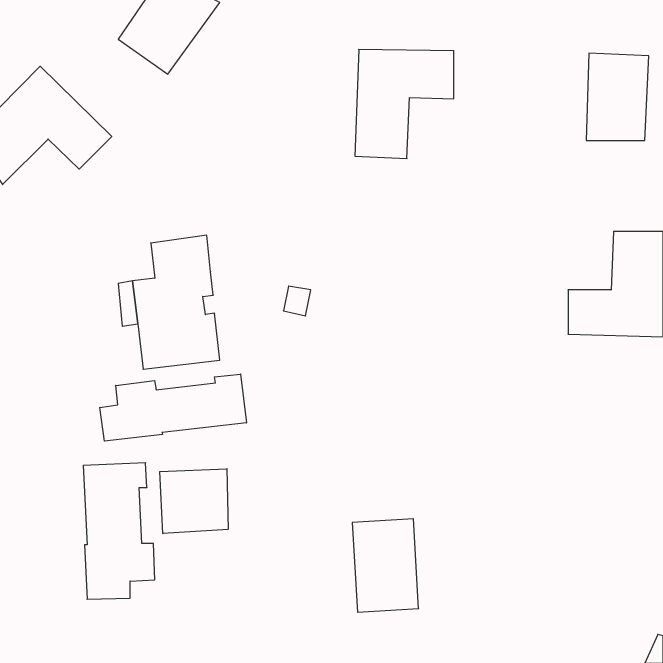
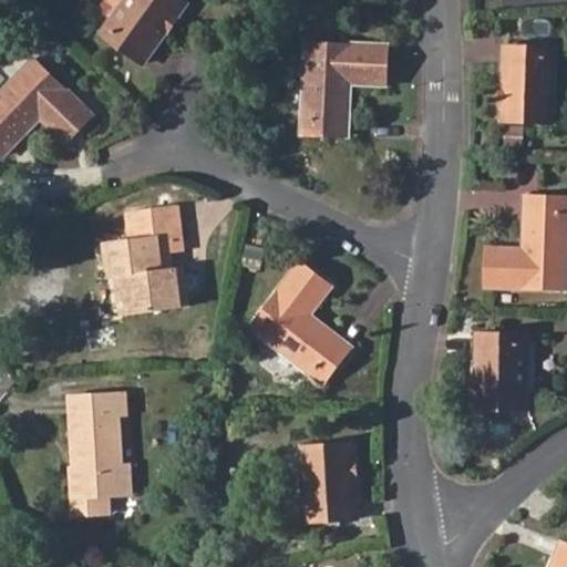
building: none -> [249,262,351,384]
building: [100,374,246,441] -> none
building: none -> [473,333,526,408]
building: [160,469,228,534] -> none

